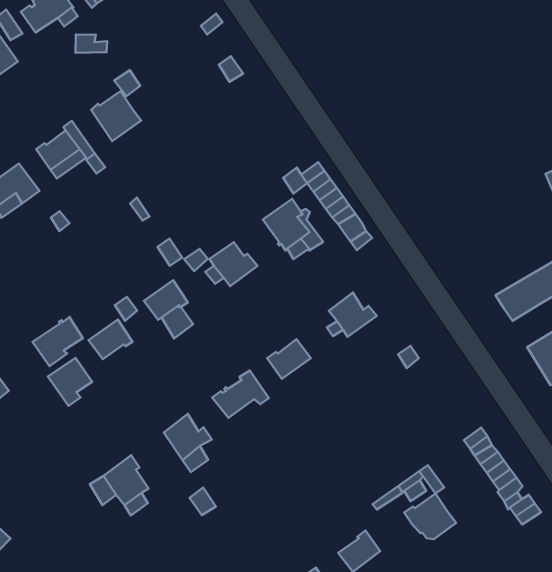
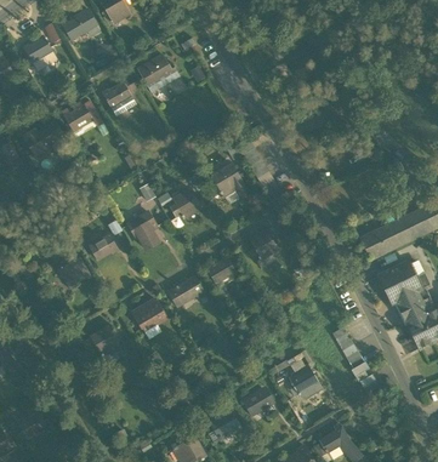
building: none -> [137,56,177,93]
building: [33,317,83,366] -> none

